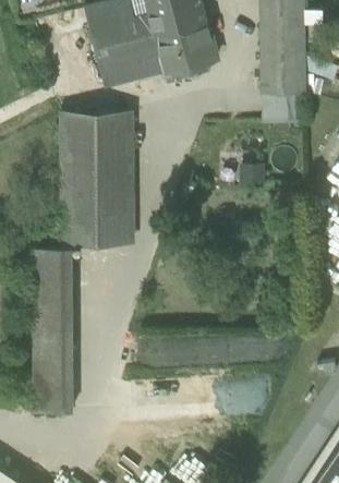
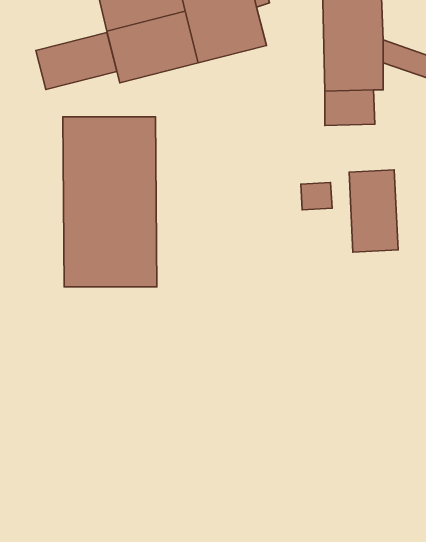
building: none -> [36,32,117,90]
building: none -> [349,170,398,252]
building: [32,249,71,413] -> none

